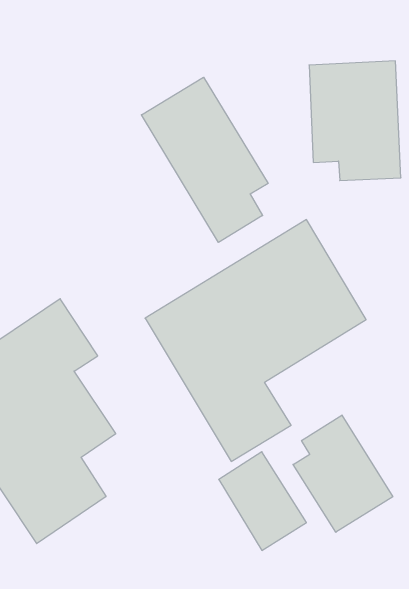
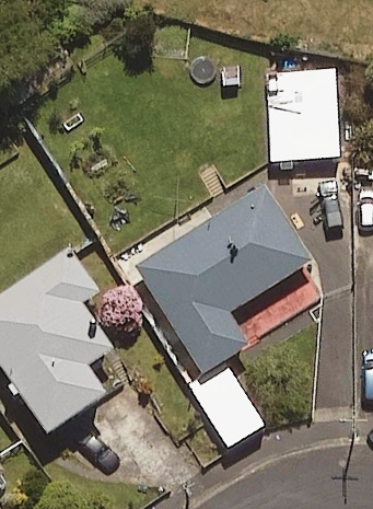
building: [141,77,268,242] -> none
building: [293,415,393,532] -> none

